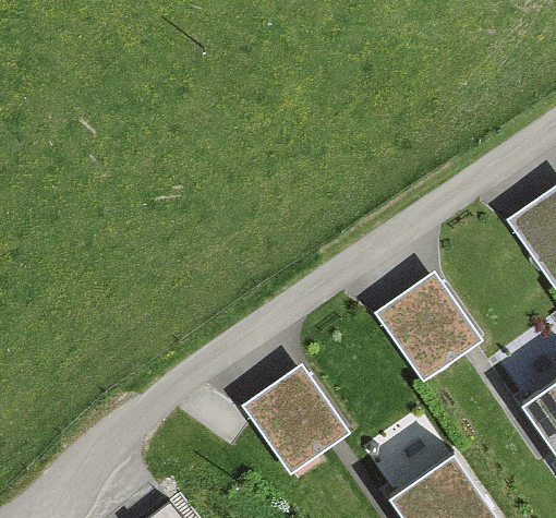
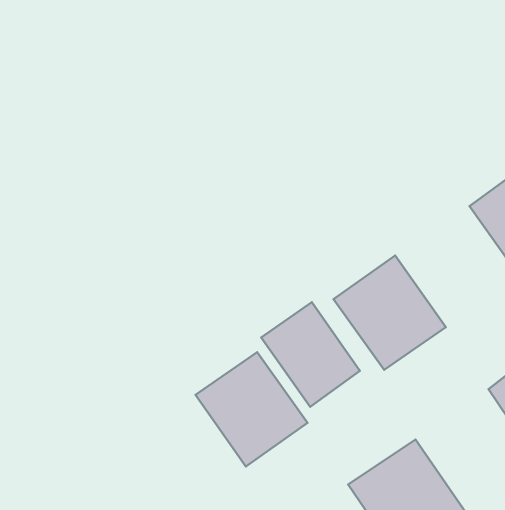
building: none -> [261,302,360,407]

